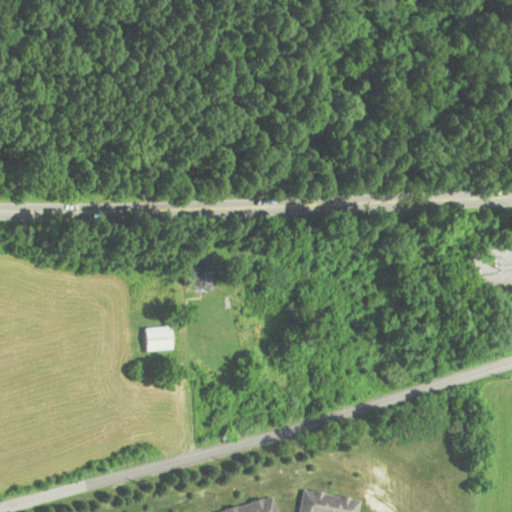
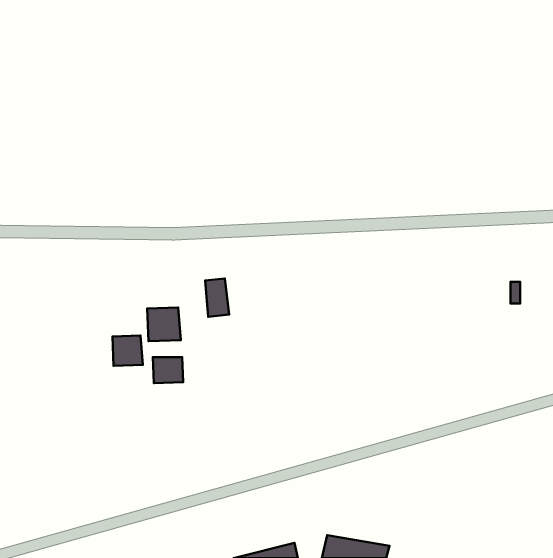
building: none -> [147,308,181,341]
building: none -> [113,336,143,366]

